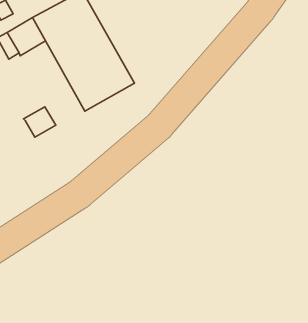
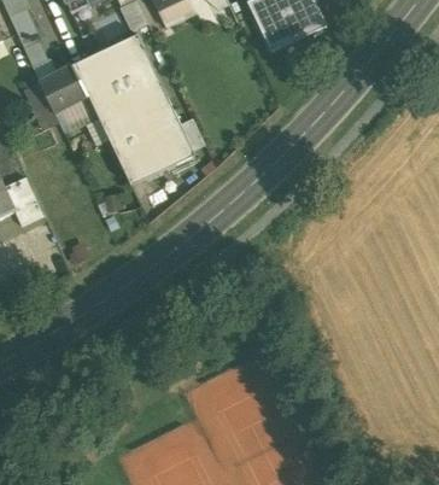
building: [24,107,56,137] -> none

